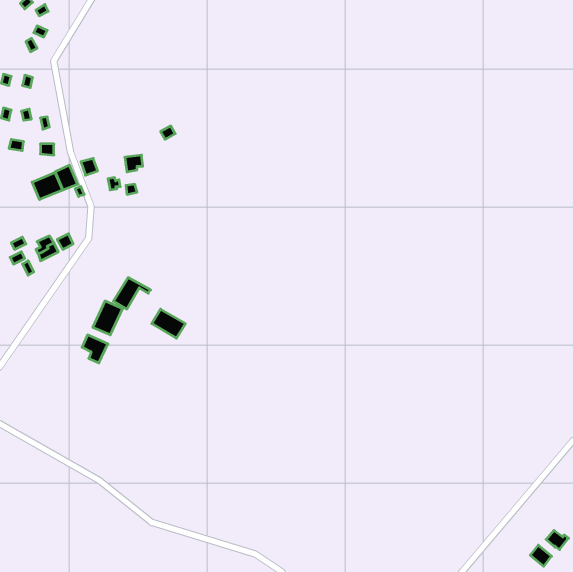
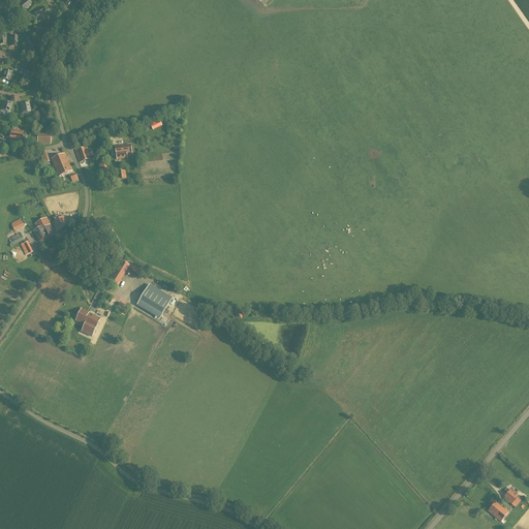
building: [32,173,62,200] -> none
building: [93,301,122,335] -> none

